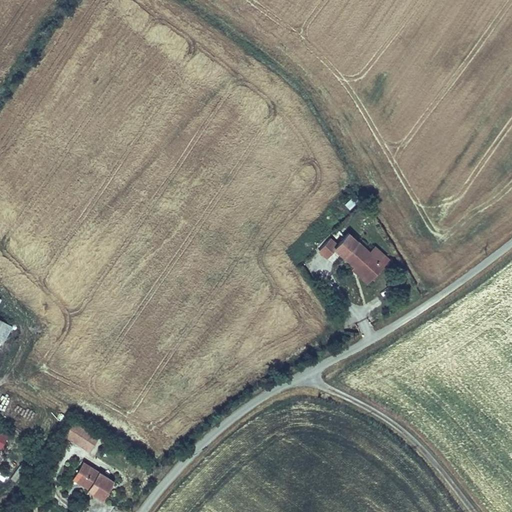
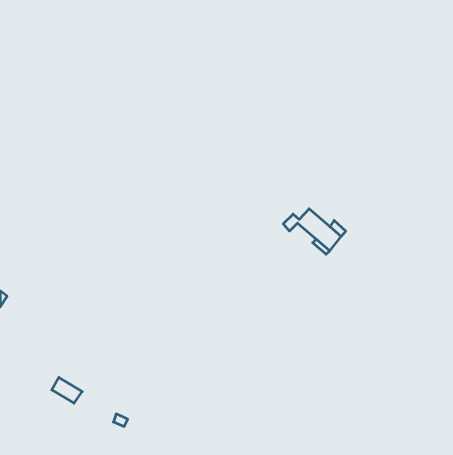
building: [72,463,111,500] -> none

